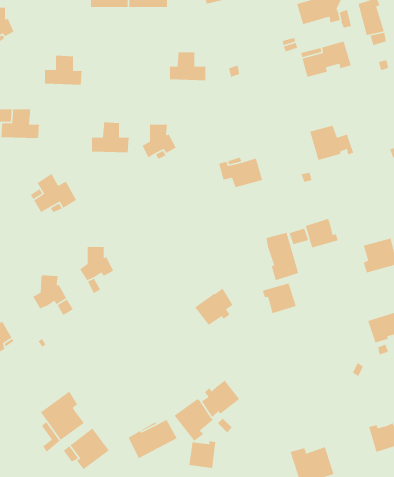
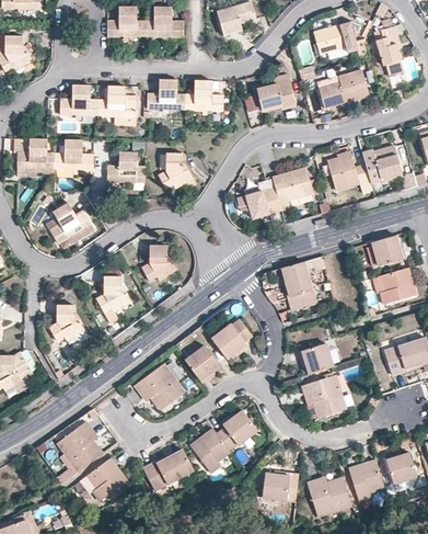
building: none -> [256,75,296,111]
building: none -> [148,79,186,110]
building: none -> [99,86,137,116]
building: none -> [56,139,94,170]
building: none -> [361,145,402,183]
building: none -> [271,168,312,211]
building: none -> [142,245,177,281]
building: [305,218,339,249] -> [371,235,405,265]
building: [262,282,297,314] -> [298,343,333,375]
building: none -> [185,345,219,382]
building: none -> [135,364,184,411]
building: none -> [301,375,346,418]
building: none -> [350,461,385,501]
building: [189,440,216,469] -> [263,471,290,500]

